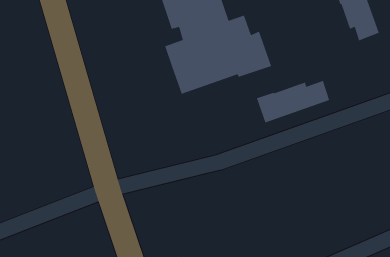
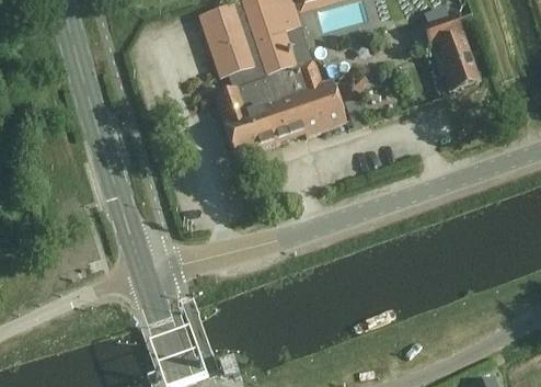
building: [256,80,330,123] -> none

